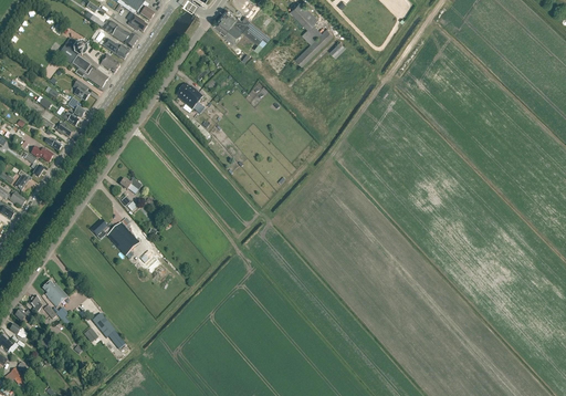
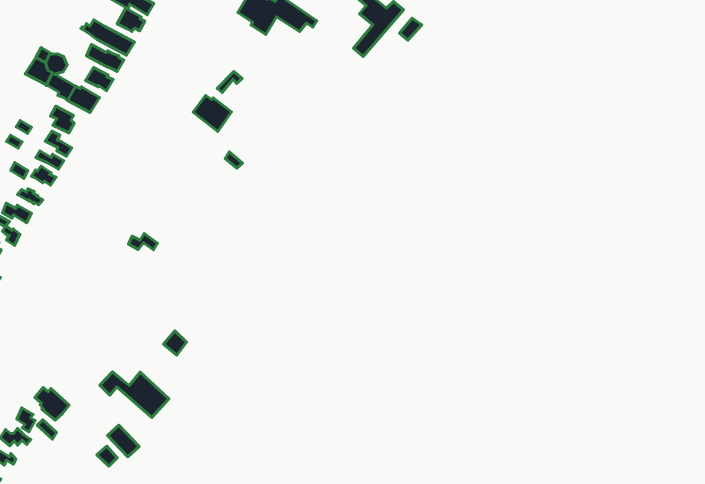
building: [91,220,139,256] -> [100,372,169,417]

